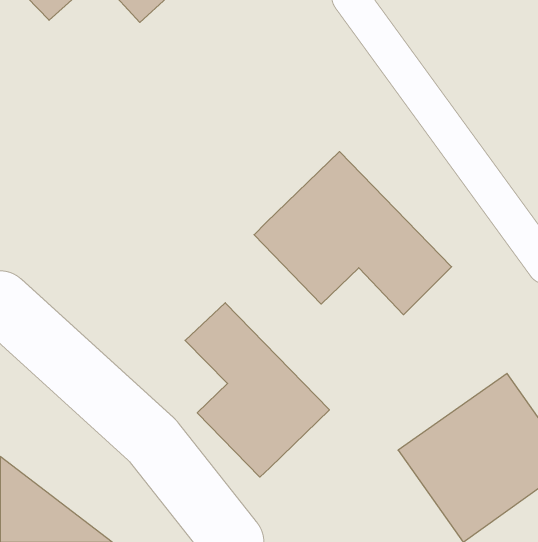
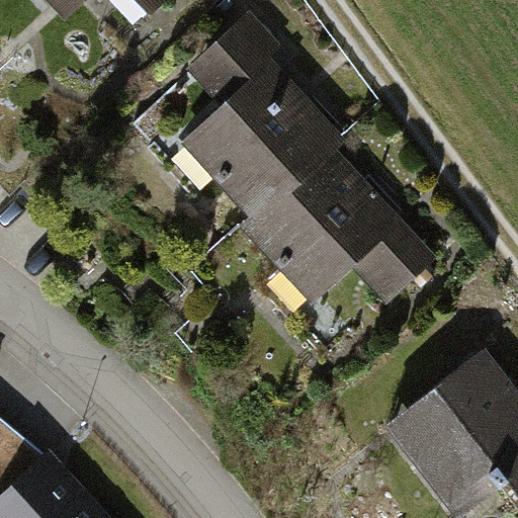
building: none -> [181,15,338,211]
building: [185,303,329,477] -> none

